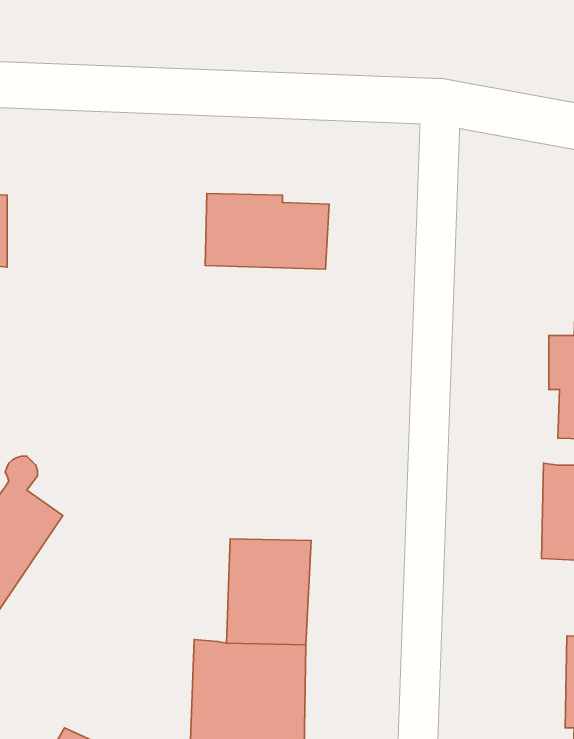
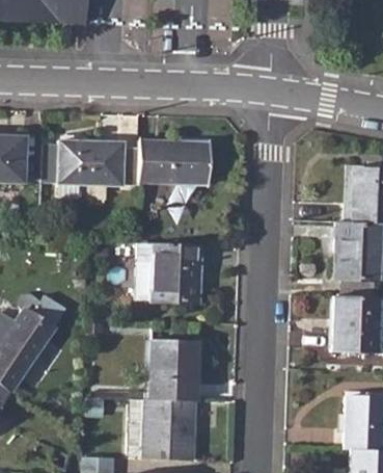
building: none -> [42,139,122,196]
building: none -> [135,243,201,303]

